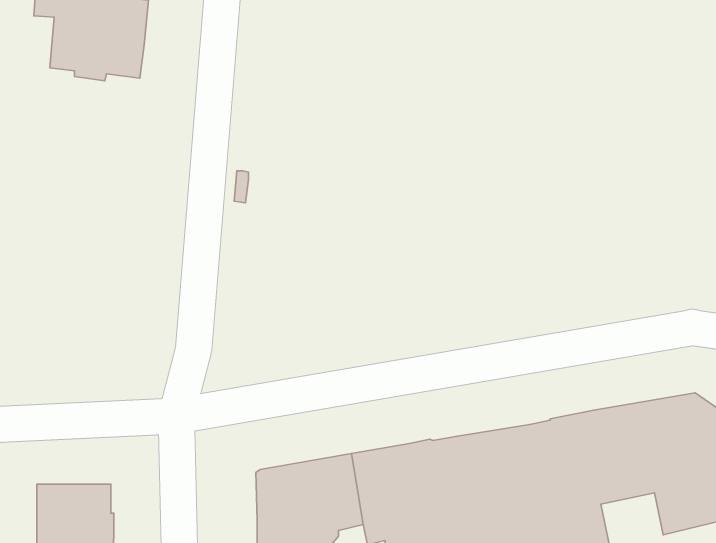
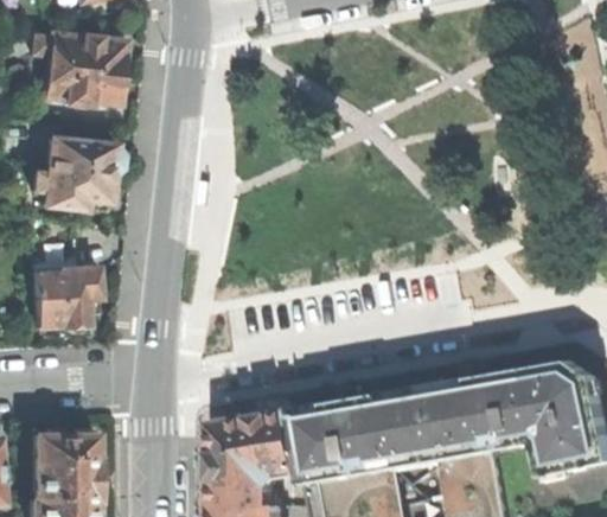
building: none -> [34,138,122,211]
building: none -> [34,237,102,332]

